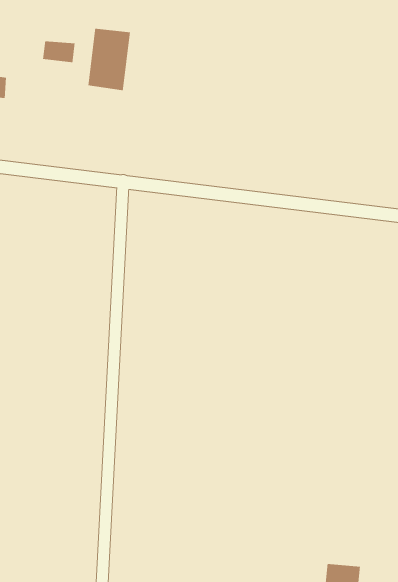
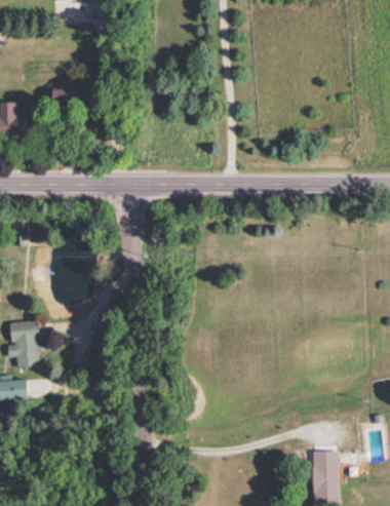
building: [87,28,131,91] -> none

